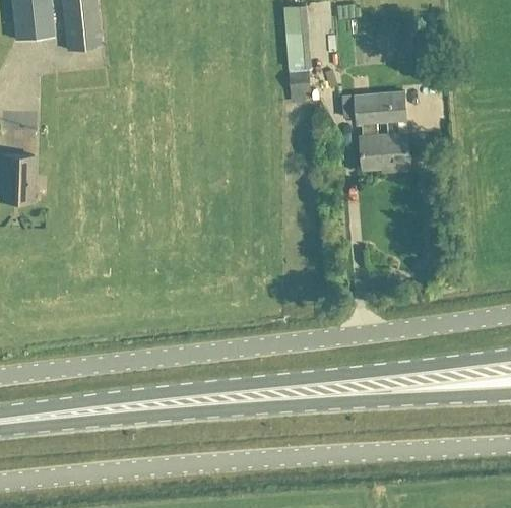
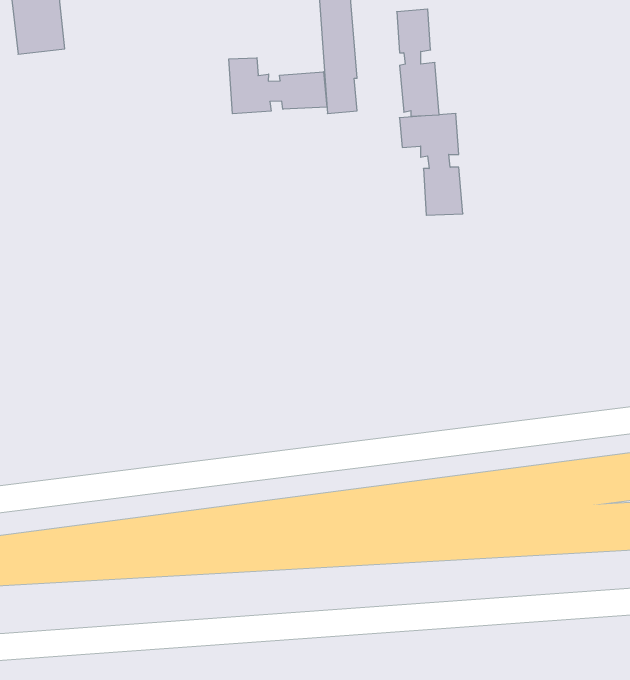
building: none -> [229,58,327,114]
building: [382,92,412,170] -> [397,9,439,116]

